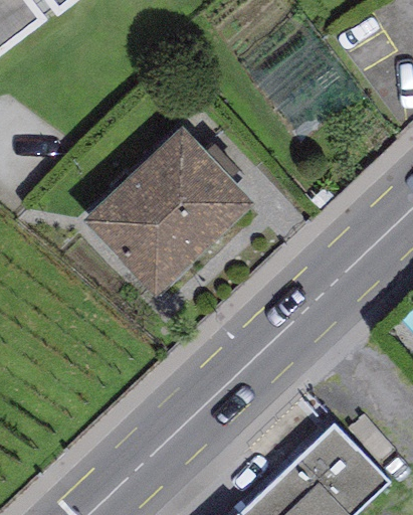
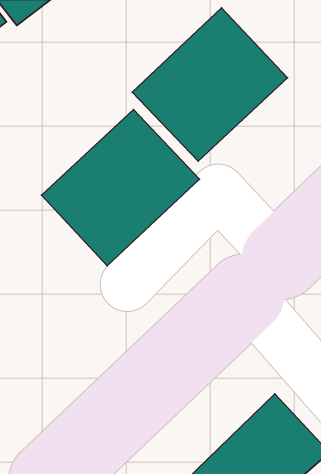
building: none -> [132,8,287,161]

